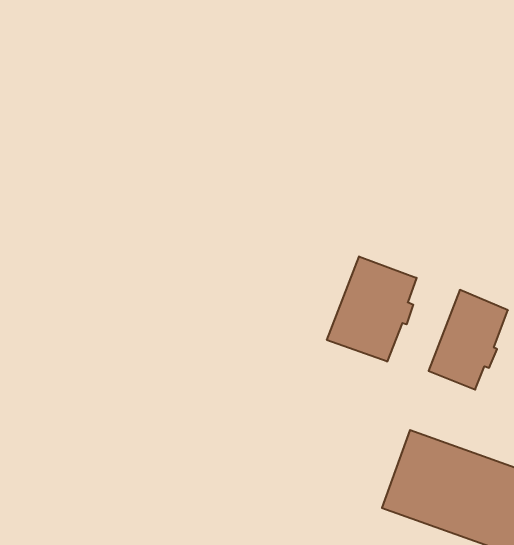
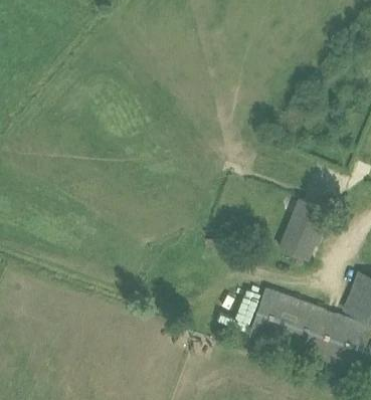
building: [327,256,417,362] -> none

